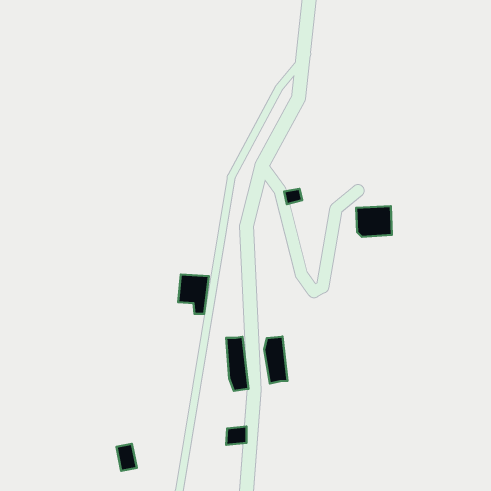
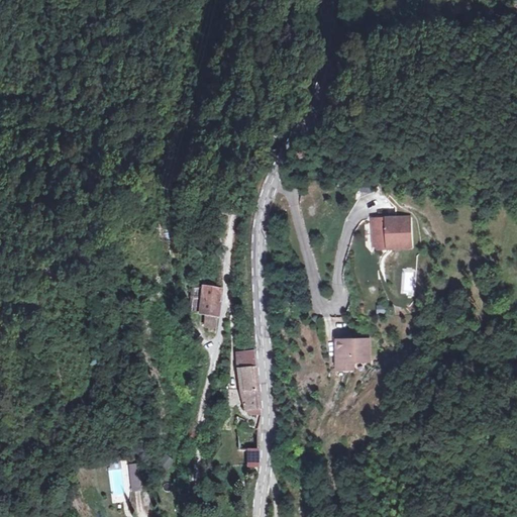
building: none -> [338,338,368,369]
building: [264,337,287,383] -> none

